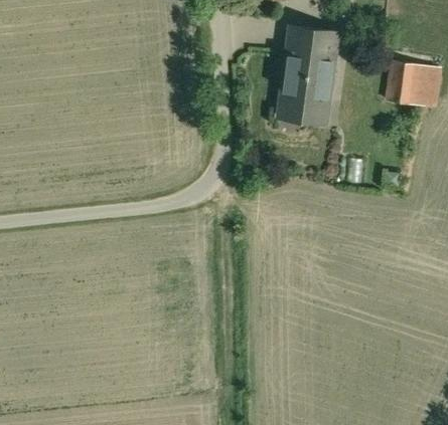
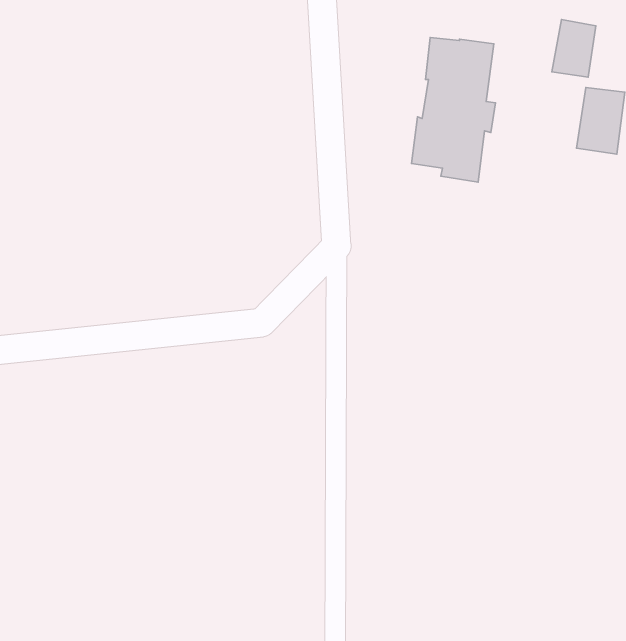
building: none -> [552,20,596,77]

